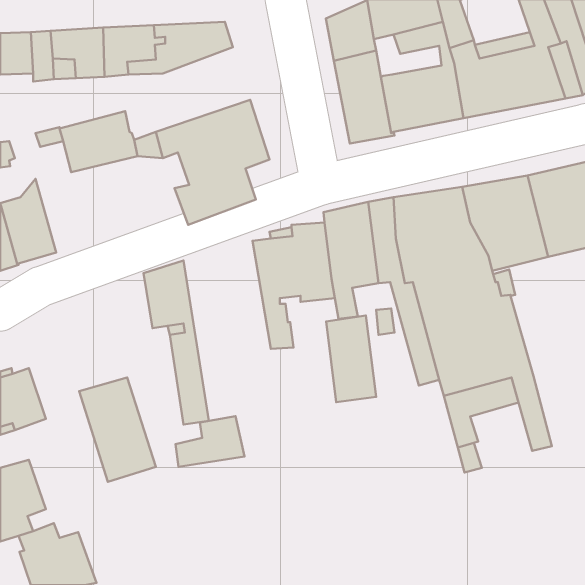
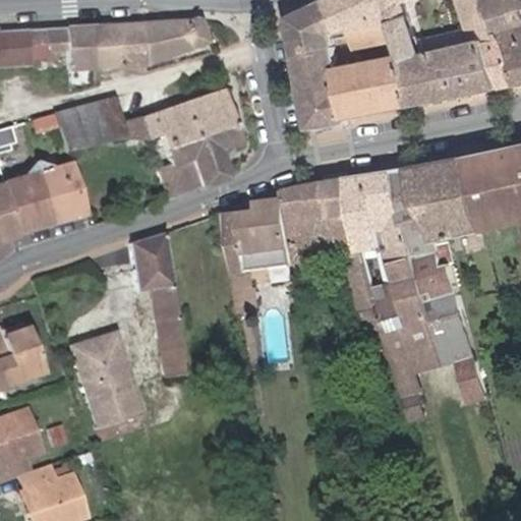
building: none -> [33,159,84,224]
building: [326,315,376,402] -> none
building: [176,416,244,467] -> none

